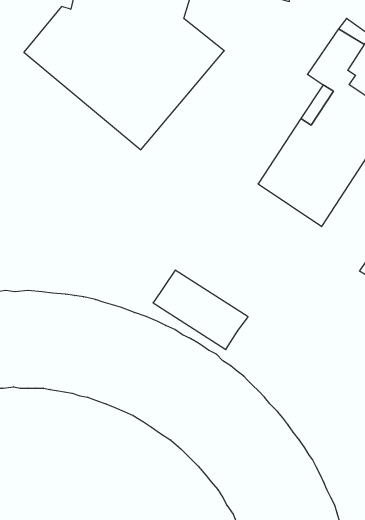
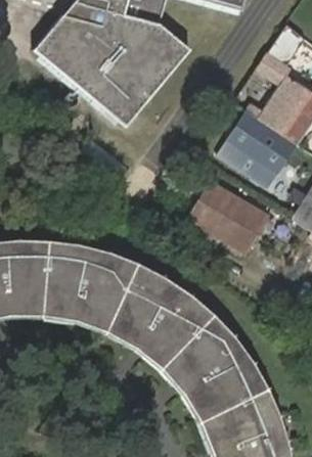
building: [153,270,248,350] -> [192,184,267,246]

